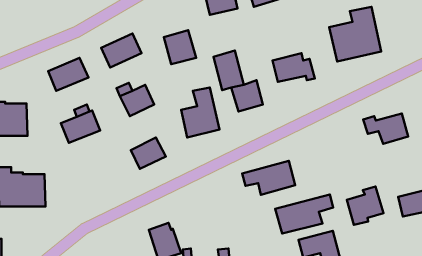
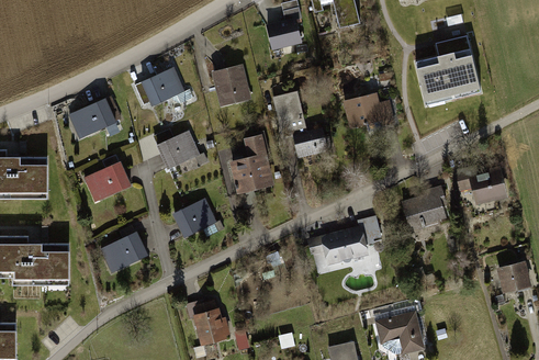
building: none -> [97,228,145,271]
building: [347,186,384,225] -> [406,184,451,232]
building: [275,194,333,233] -> none

